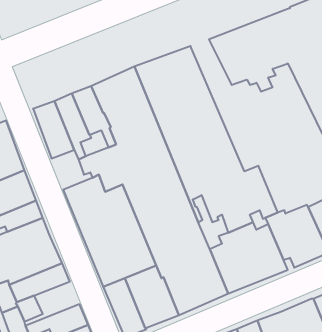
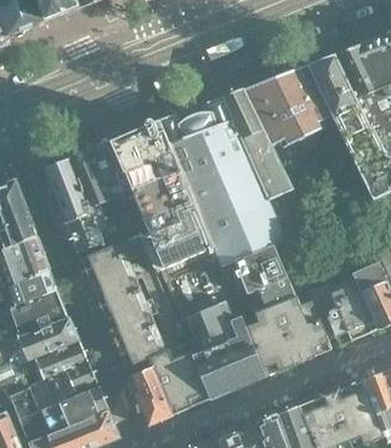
building: none -> [223,89,312,237]
building: none -> [67,212,104,251]
building: none -> [47,361,97,397]

